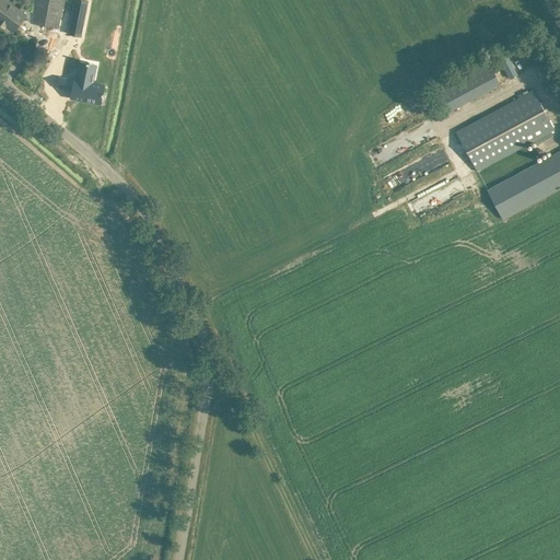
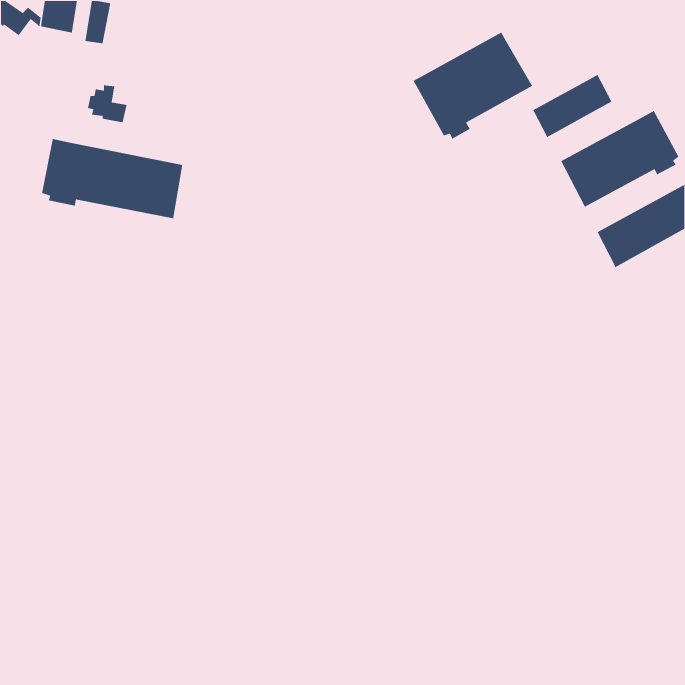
building: none -> [413,31,533,140]
building: none -> [41,138,183,219]

